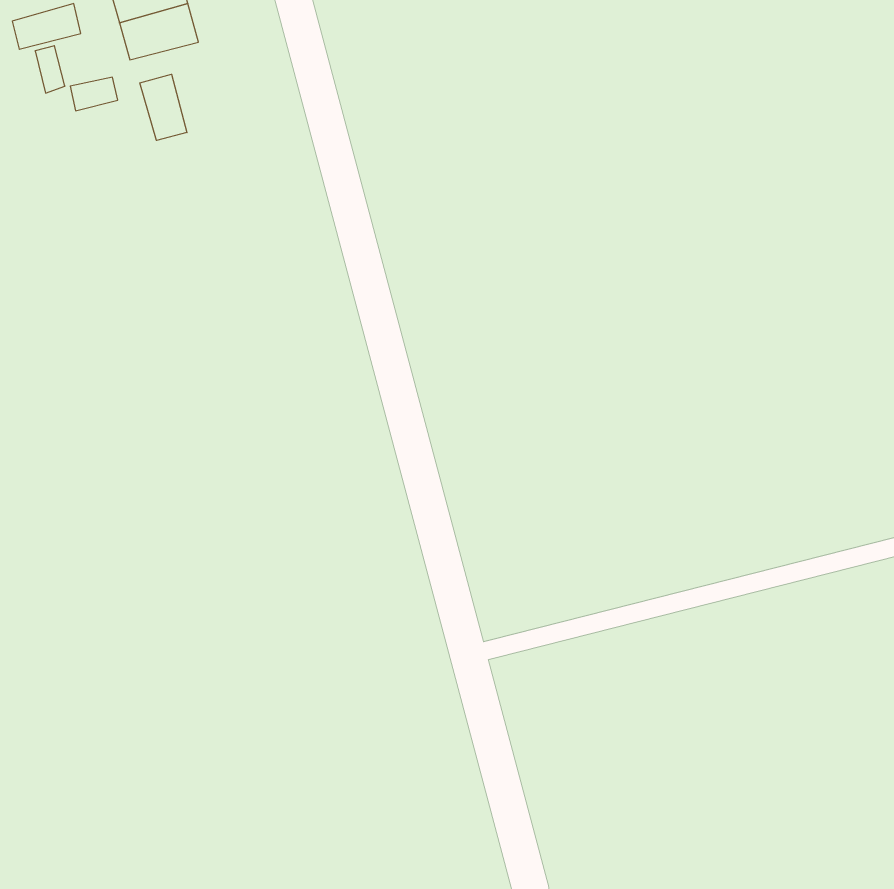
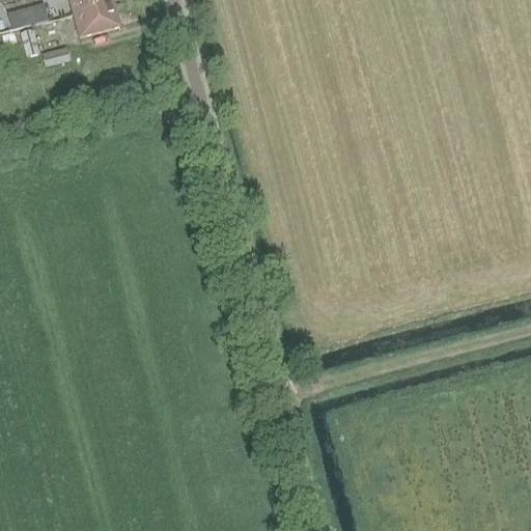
building: [140,74,187,140] -> none

